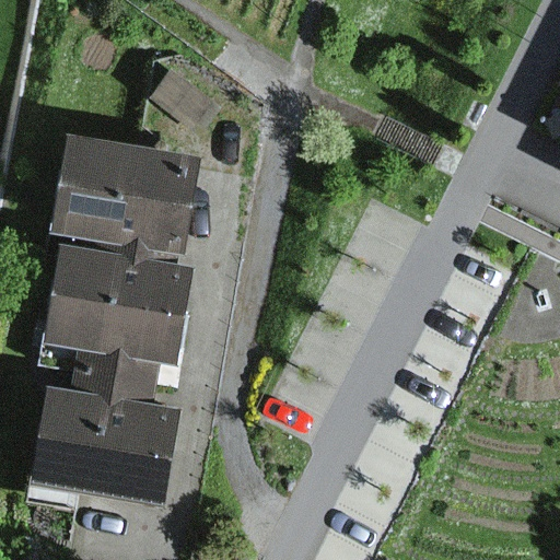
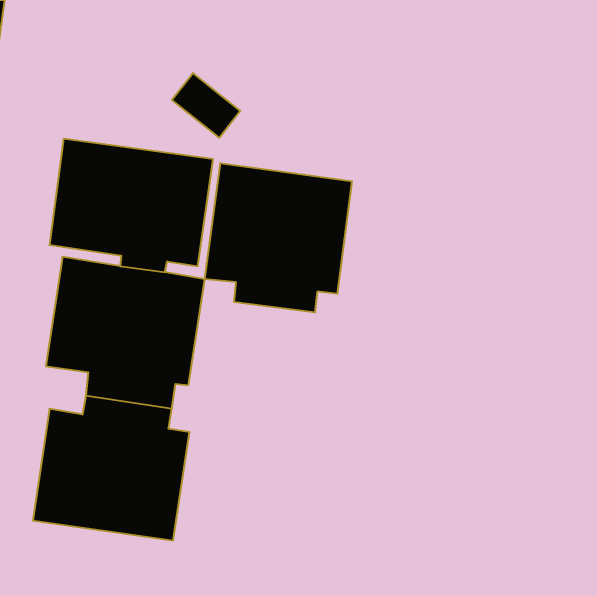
building: none -> [205,163,352,313]

